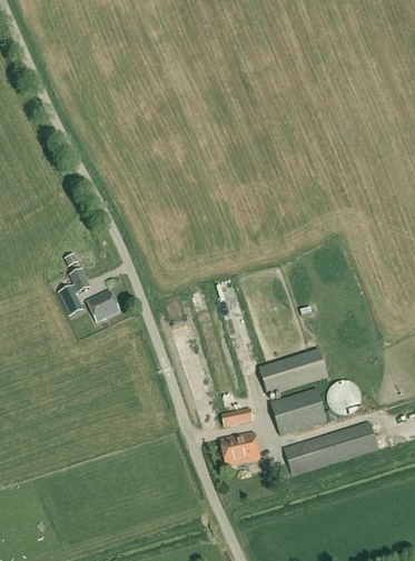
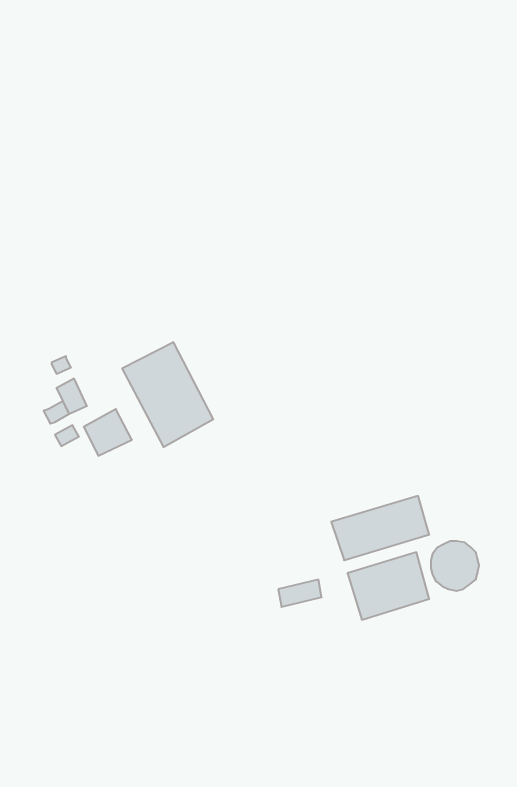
building: none -> [122,342,213,447]
building: [284,421,377,474] -> none
building: [219,431,259,464] -> none

